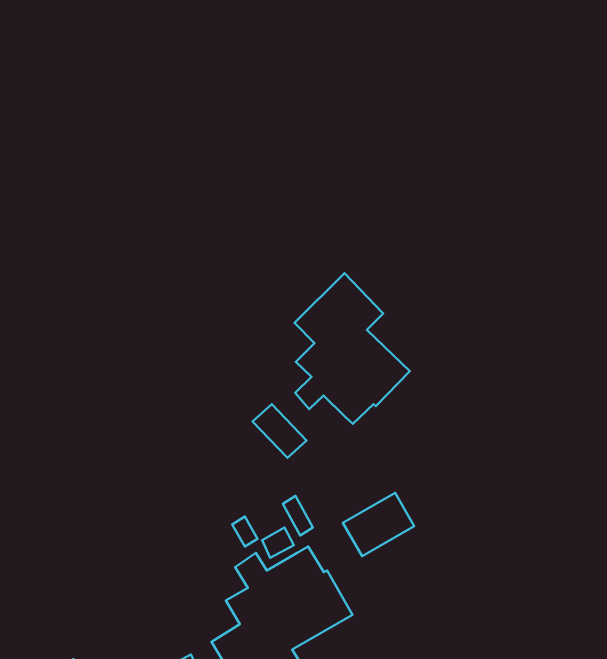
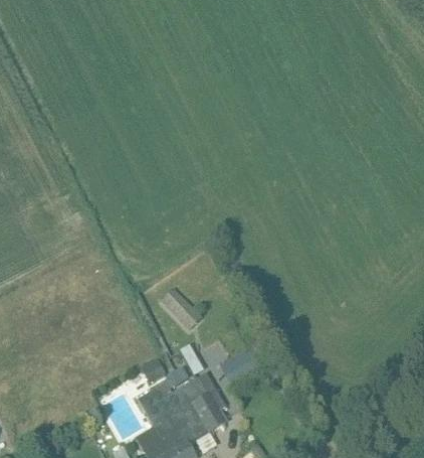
building: [294,273,410,424] -> none

